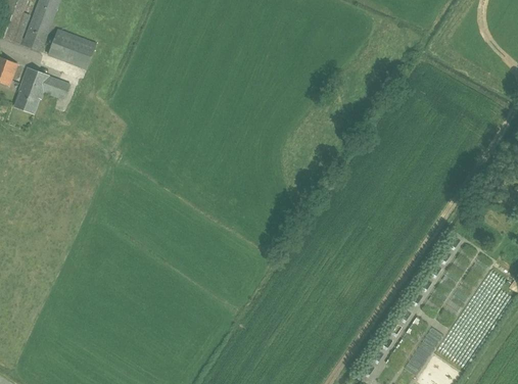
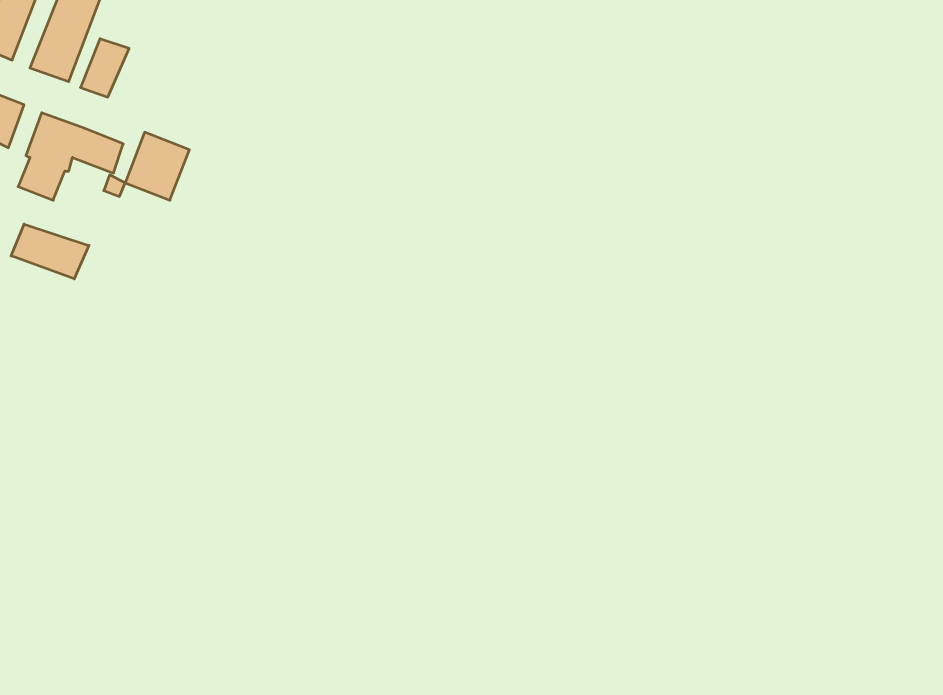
building: [62,34,96,69] -> [125,132,189,200]
building: none -> [11,224,89,279]

